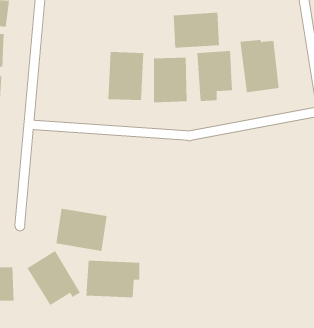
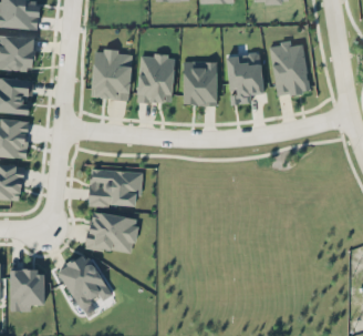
building: [173,12,220,49] -> none
building: none -> [92,50,133,100]
building: [86,260,140,298] -> [89,169,143,206]

